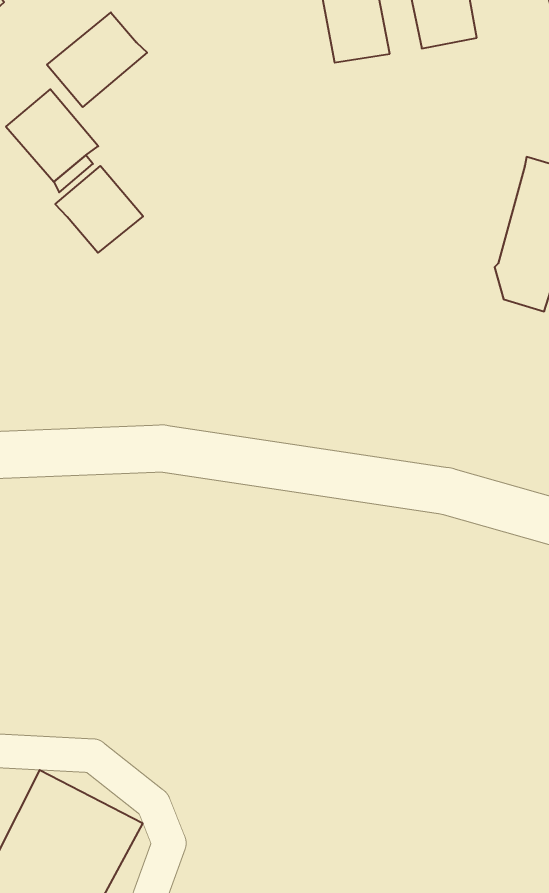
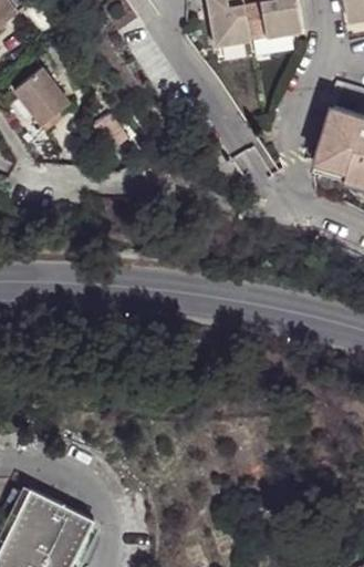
building: [47,12,147,107] -> none
building: [55,166,143,253] -> none

